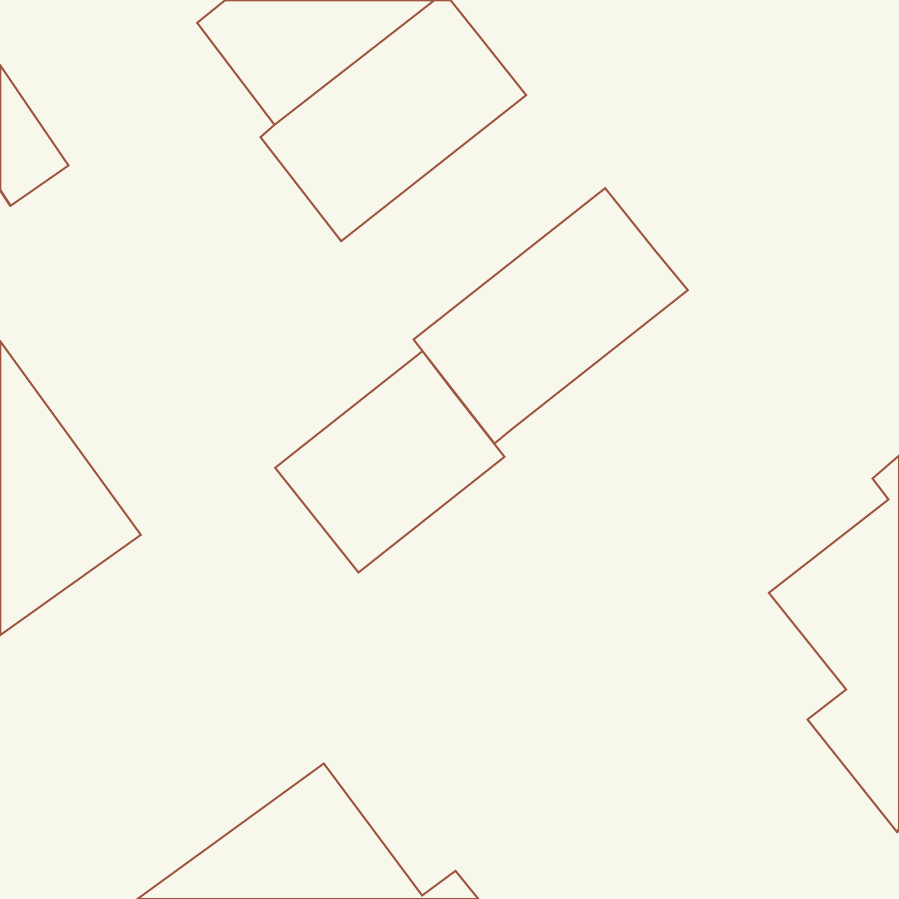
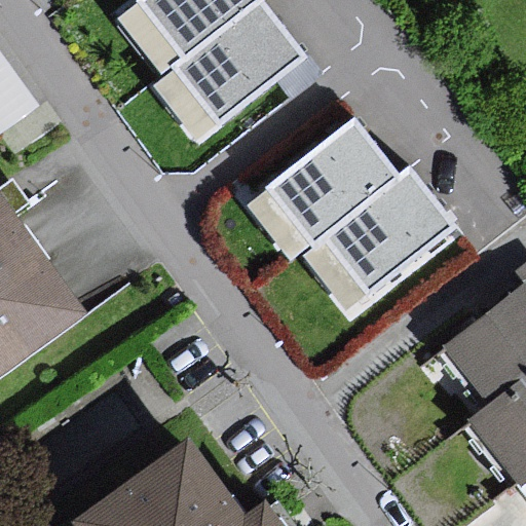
building: none -> [299,165,454,309]
building: [275,351,504,572] -> none

